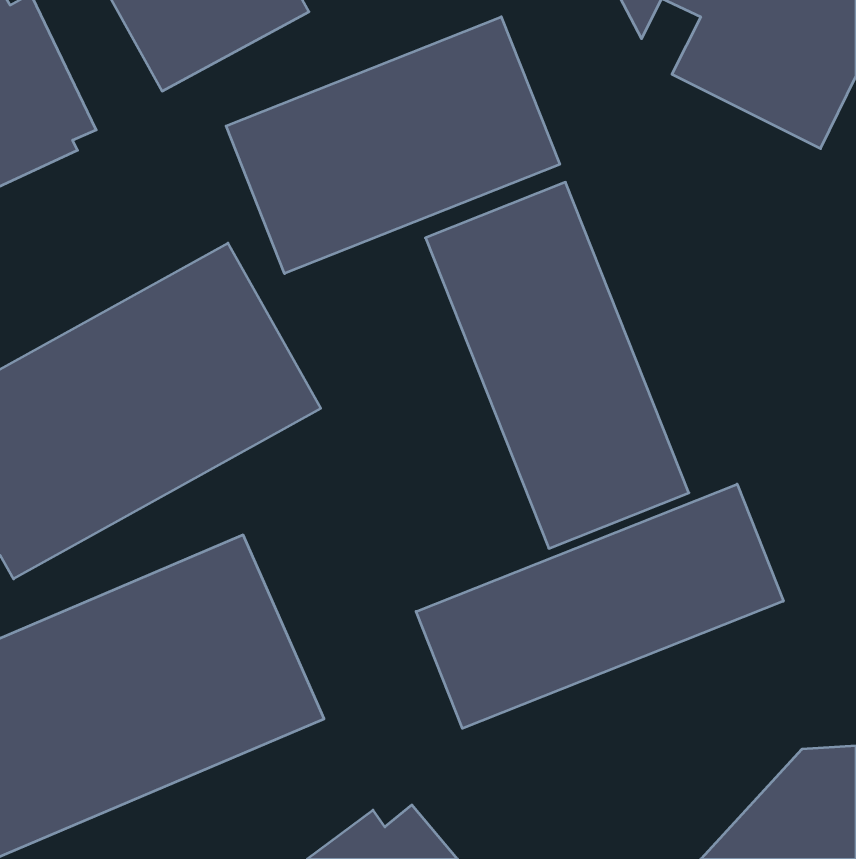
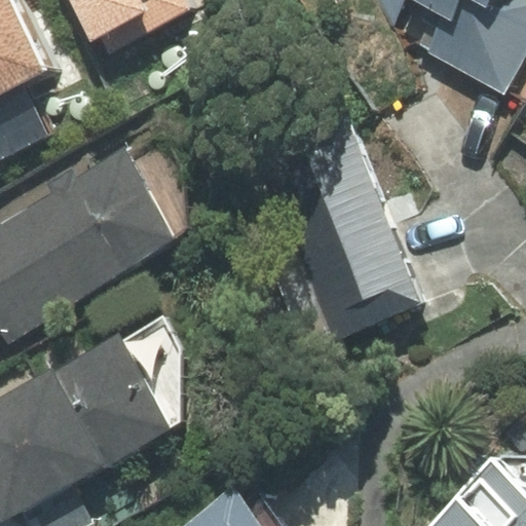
building: [226,17,560,274] -> none
building: [416,484,783,728] -> none

